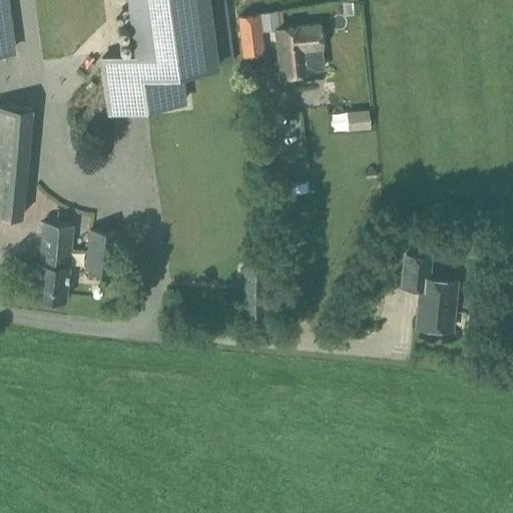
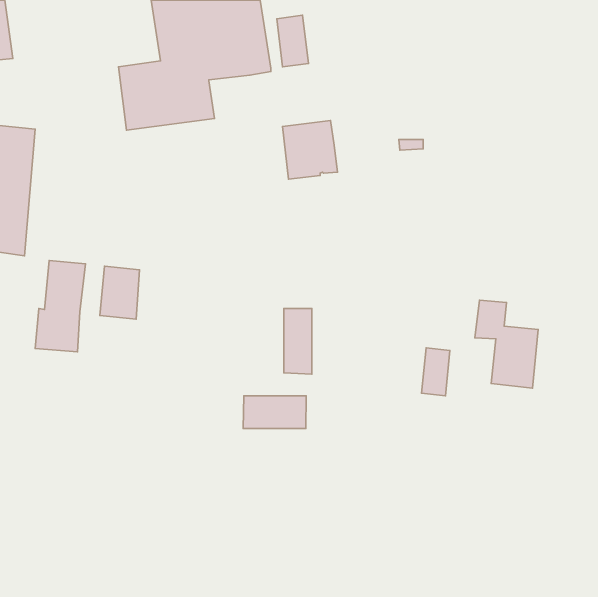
building: [277,27,324,77] -> [283,120,338,179]
building: none -> [422,348,450,396]
building: none -> [243,396,306,428]

